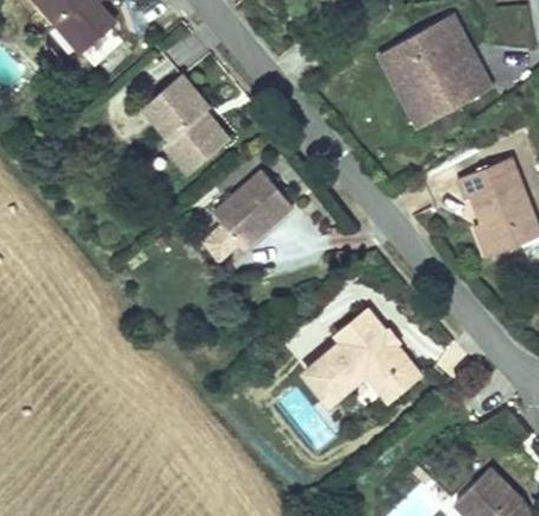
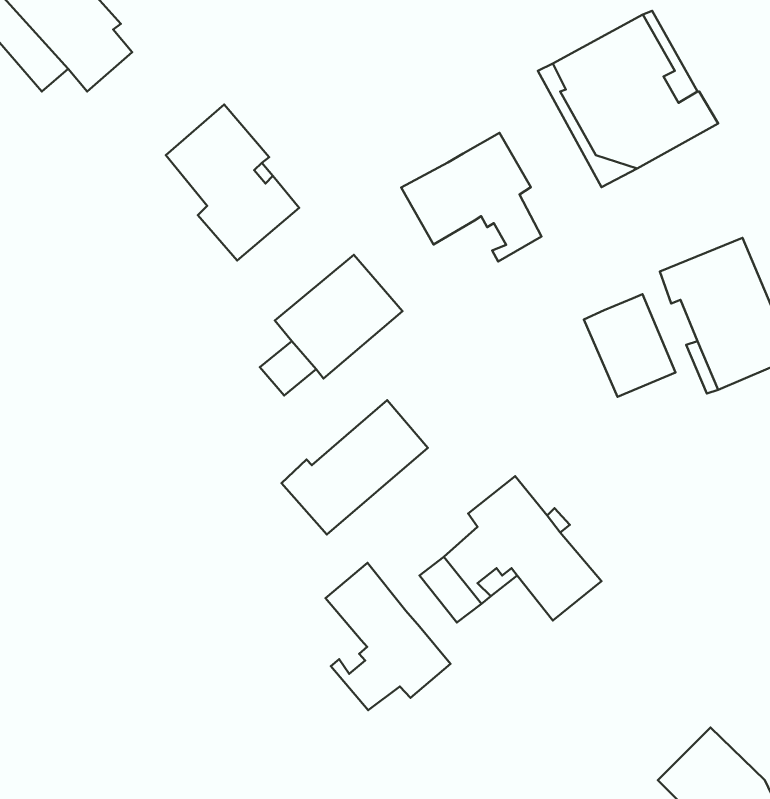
building: none -> [401,133,541,262]
building: none -> [584,294,676,397]
building: none -> [281,400,428,534]
building: none -> [325,563,451,710]

